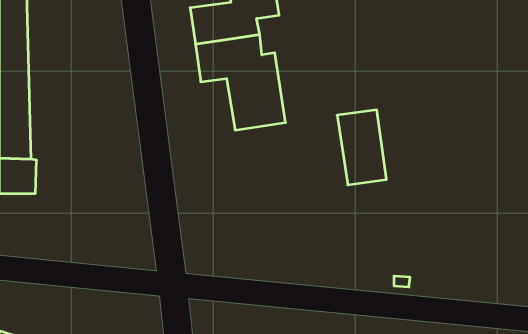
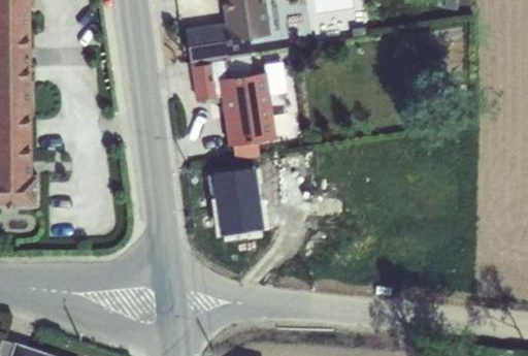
building: [337,110,386,185] -> [211,161,259,233]

